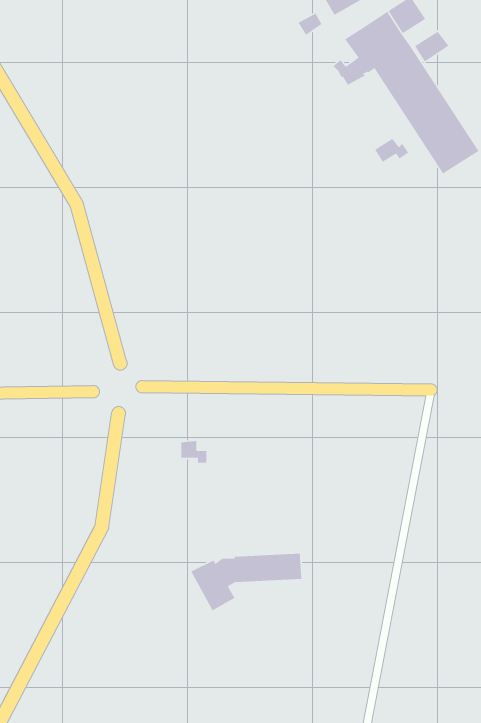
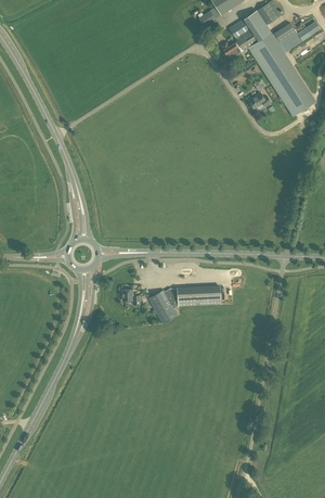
building: [190,553,302,611] -> [148,285,221,323]

